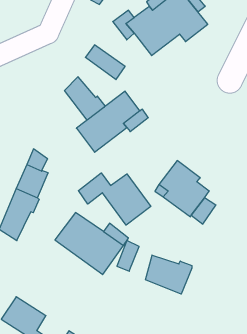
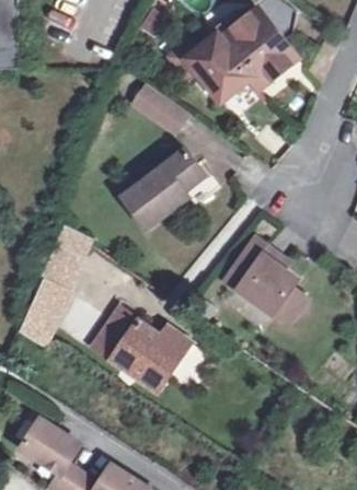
building: [65,77,105,120] -> none
building: [78,173,151,225] -> none
building: [146,255,192,294] -> none

